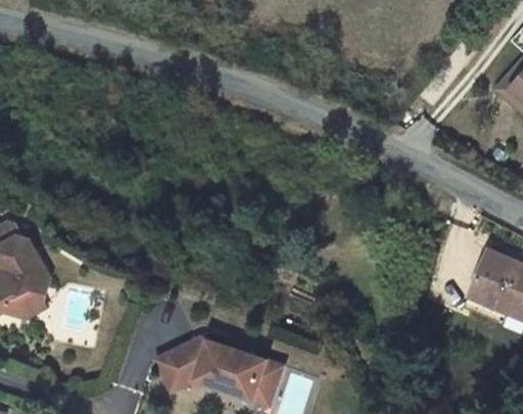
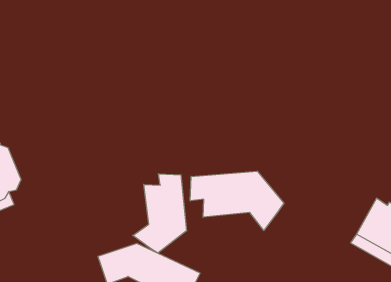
building: none -> [190,171,284,230]
building: none -> [133,174,187,253]

